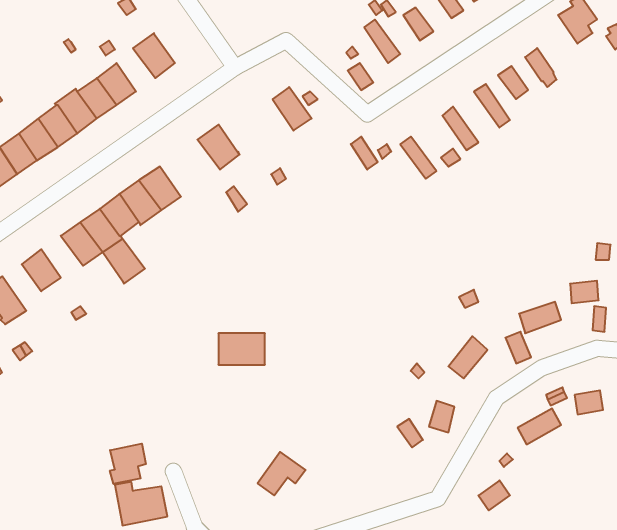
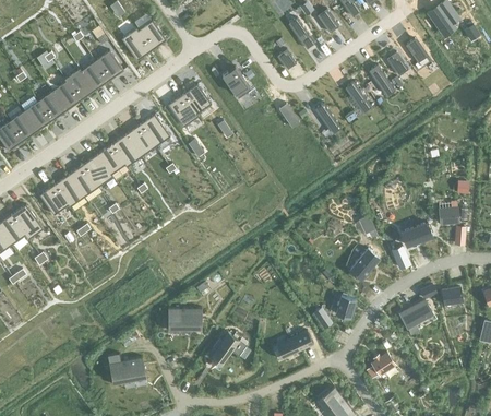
building: none -> [136,19,165,48]
building: none -> [182,83,211,114]
building: none -> [140,114,169,145]
building: [103,239,145,284] -> [53,174,84,206]
building: [218,333,265,365] -> [167,307,201,330]
building: [110,444,146,484] -> none
building: none -> [275,329,312,357]

